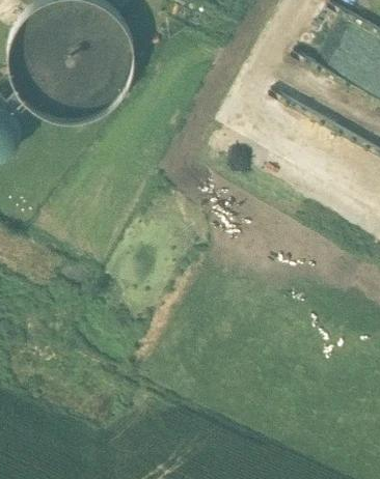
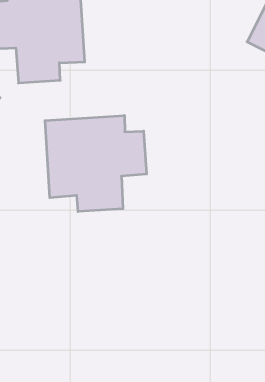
building: none -> [45,115,147,212]

